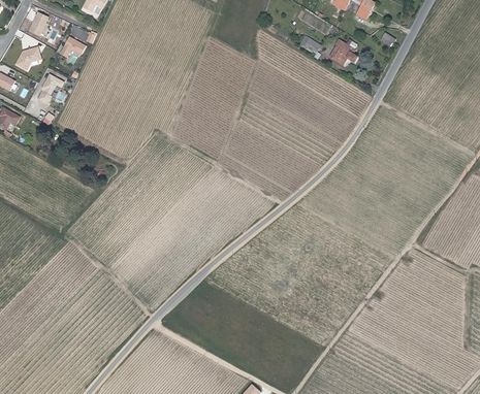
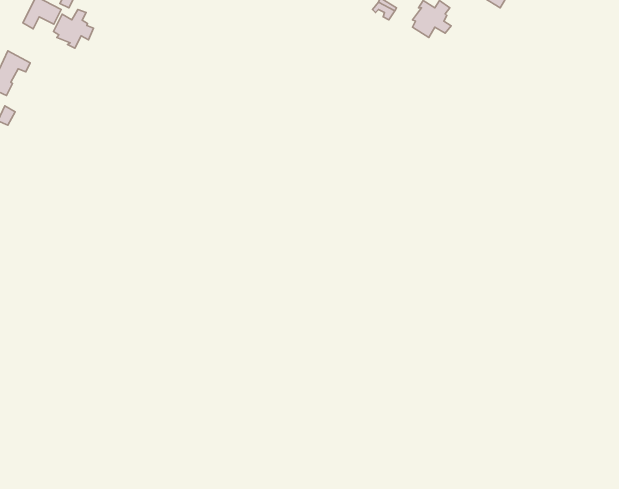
building: none -> [53,9,93,48]

